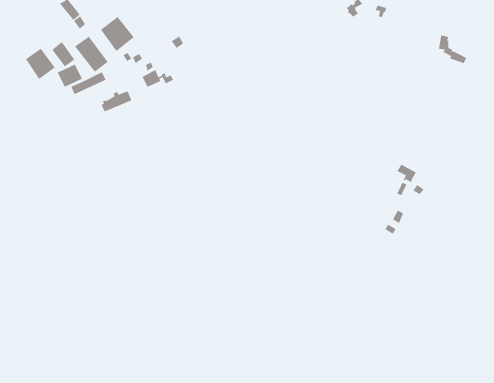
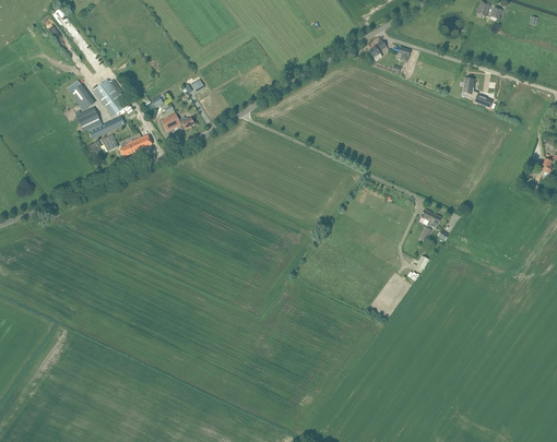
building: [100,16,134,52] -> none
building: [25,48,55,80] -> none

